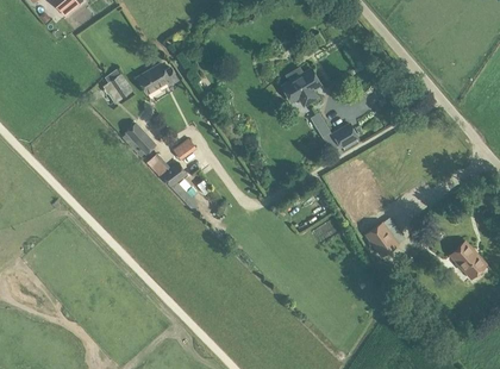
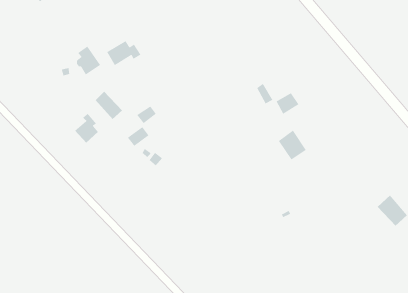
building: [280,65,321,106] -> none
building: none -> [74,113,99,144]
building: [365,221,399,257] -> [278,130,307,161]

